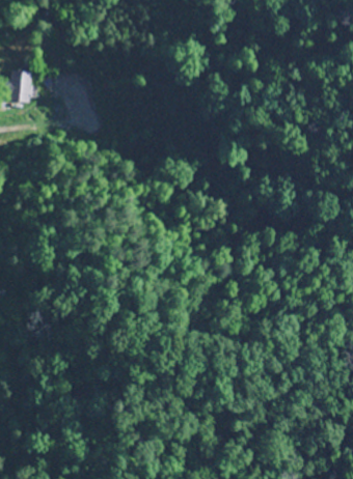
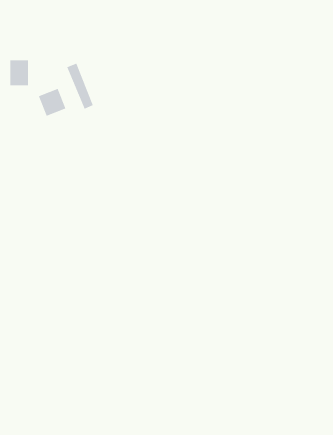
building: none -> [38,88,66,117]

